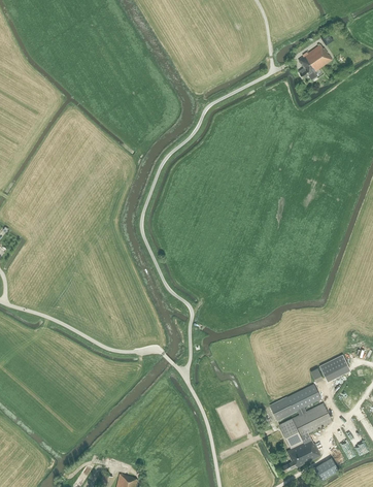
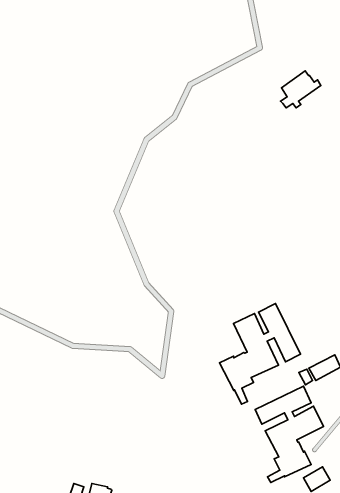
building: [297,44,334,78] -> [281,71,321,108]
building: none -> [219,303,300,404]

